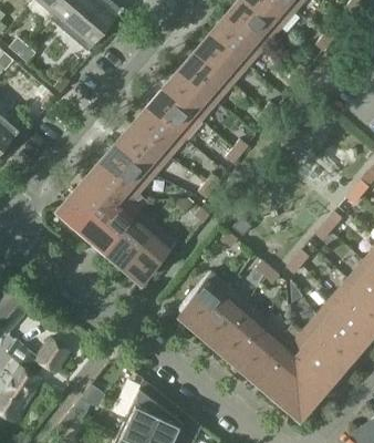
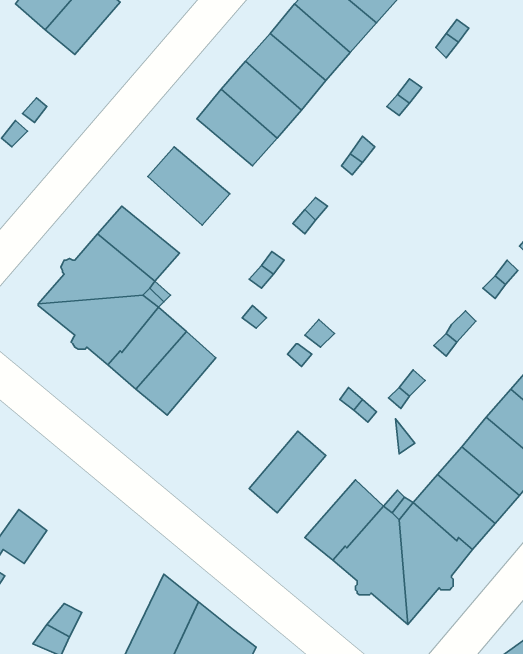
building: [149,90,199,137] -> none
building: [116,126,167,175] -> none
building: [178,272,228,324] -> none
building: [215,303,264,356] -> none

